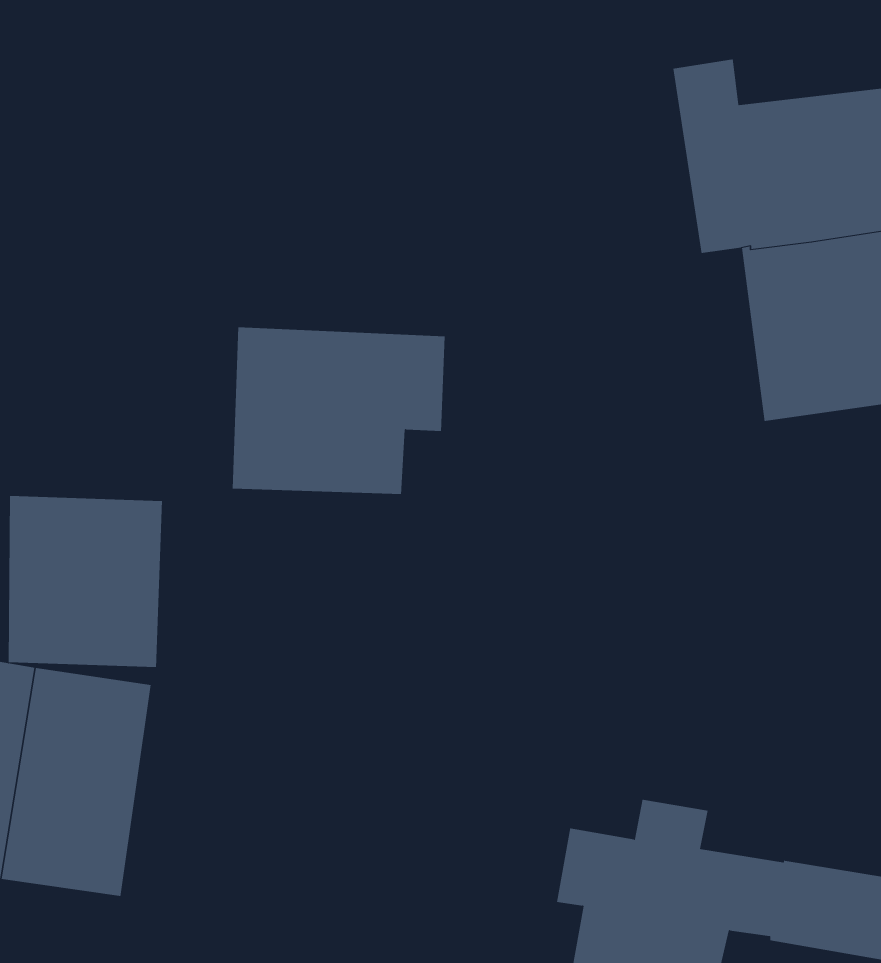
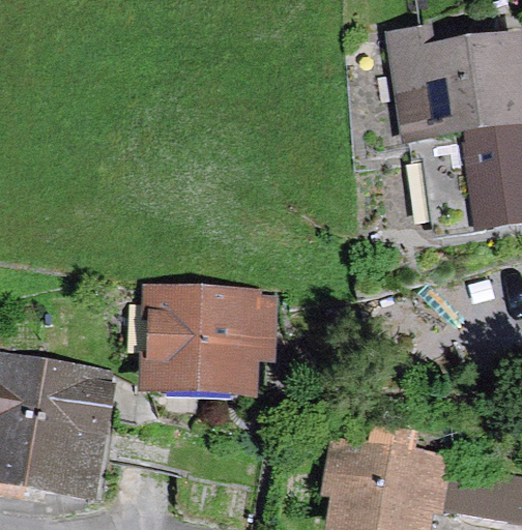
building: [232,327,446,495] -> [152,297,268,388]
building: [8,495,162,668] -> none

